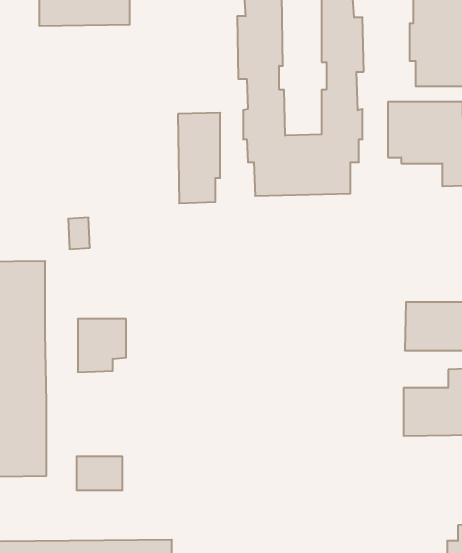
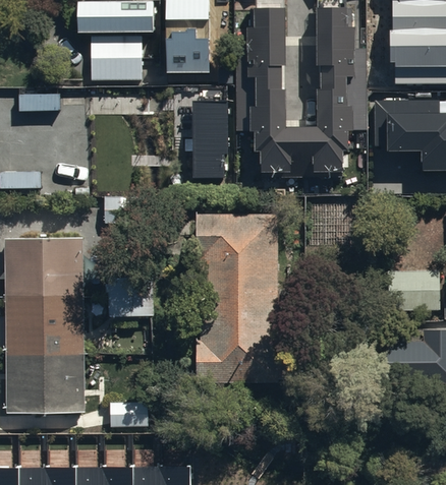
building: none -> [166,16,211,70]
building: none -> [93,37,143,80]
building: none -> [194,206,278,380]

